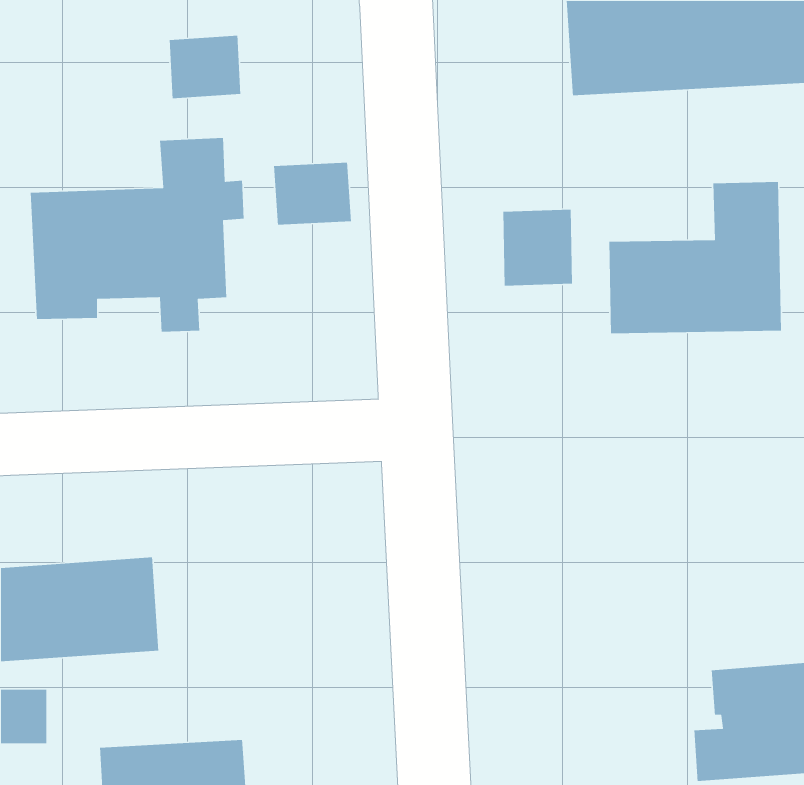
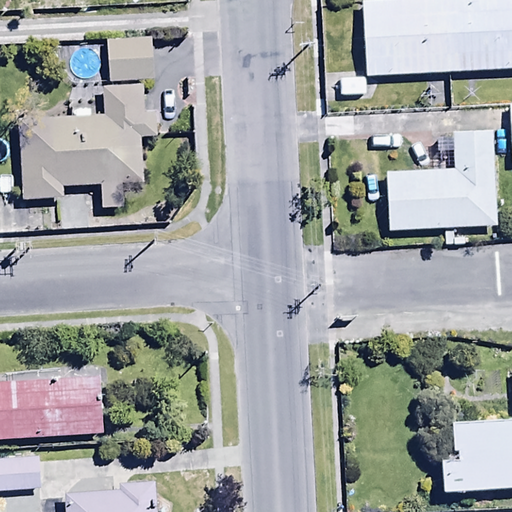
building: [273,162,352,225] -> none
building: [503,209,573,286] -> none

